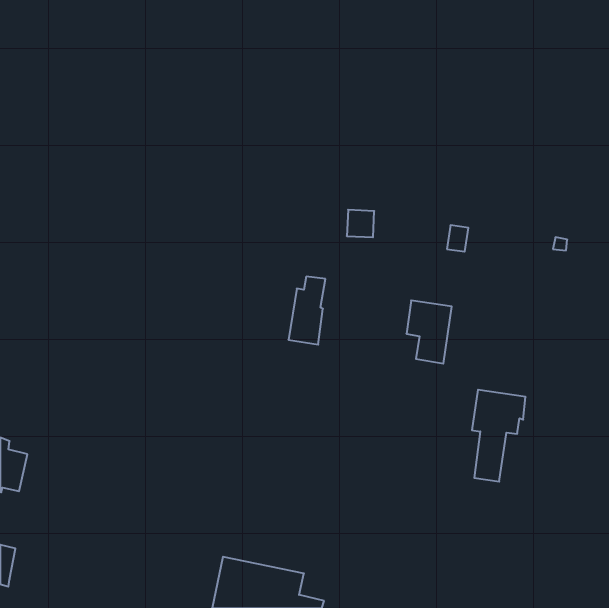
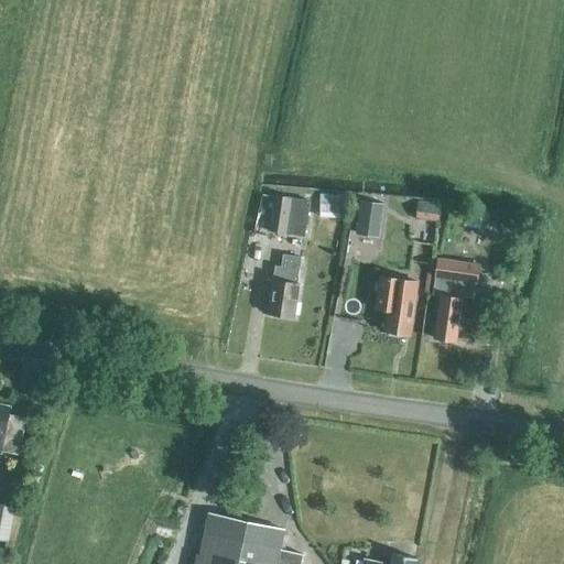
building: none -> [270,196,310,237]
building: none -> [358,202,384,235]
building: [472,390,526,482] -> [431,258,480,343]

